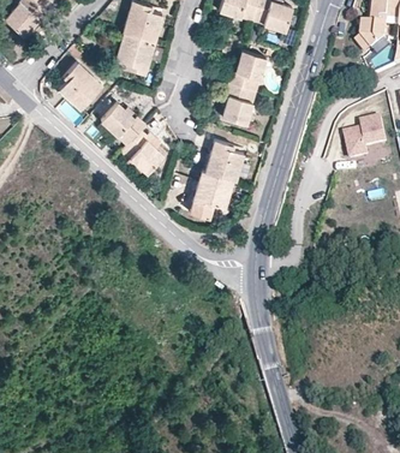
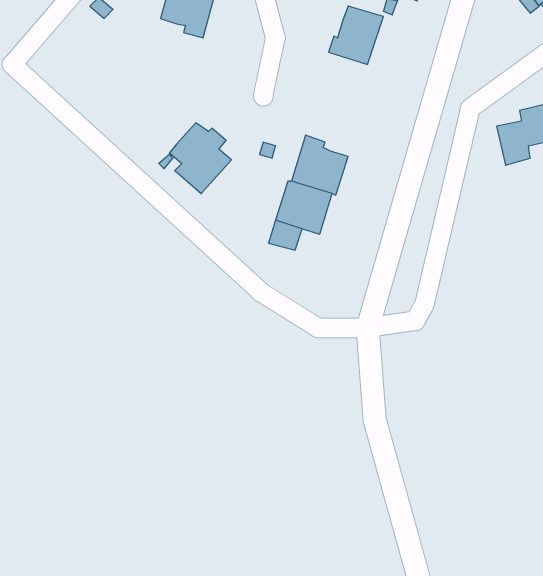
building: [58,61,102,108] -> none
building: [222,82,256,124] -> none
building: [100,102,145,144] -> none

